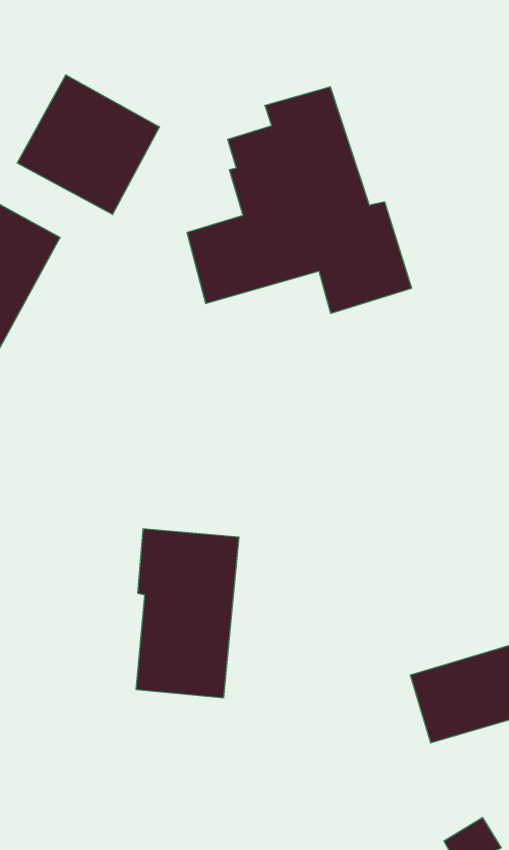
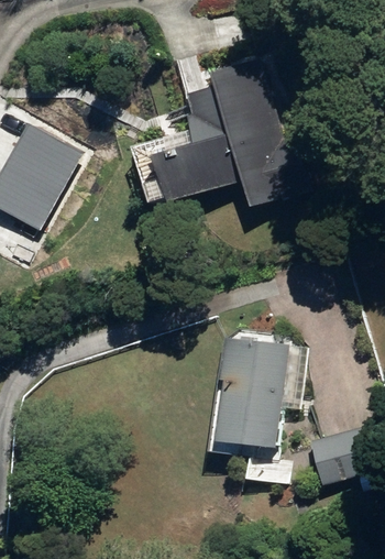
building: [17,75,160,215] -> none
building: [136,529,239,698] -> [219,337,286,447]

